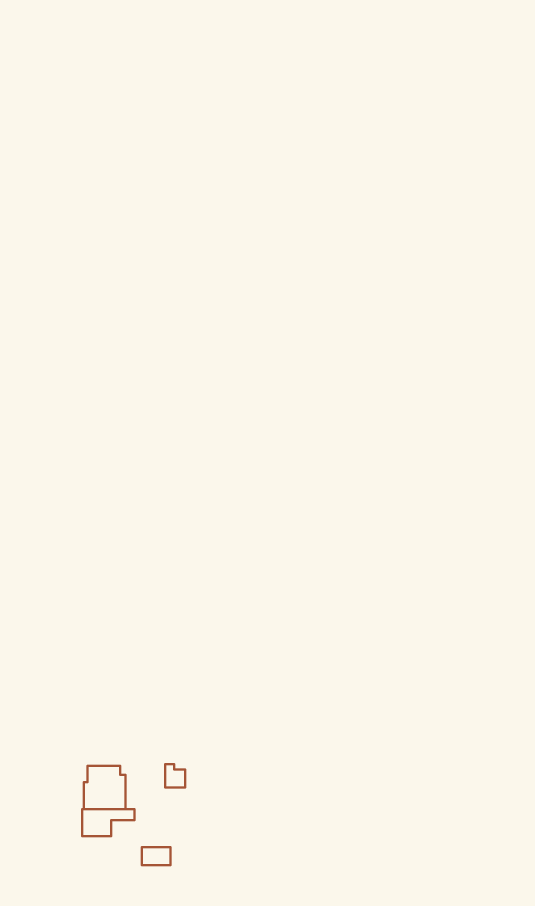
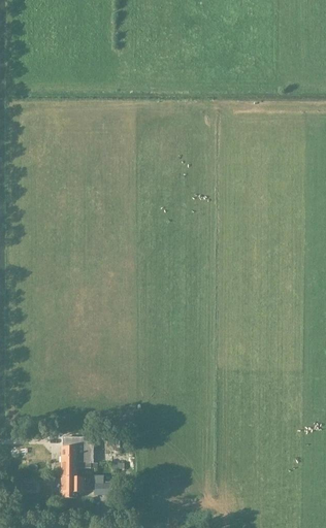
building: none -> [62,478,92,499]

